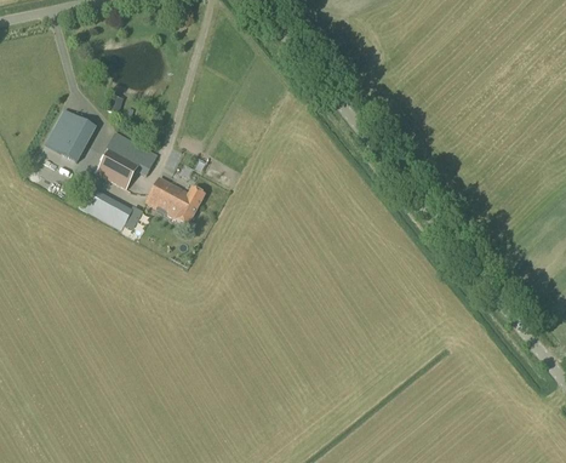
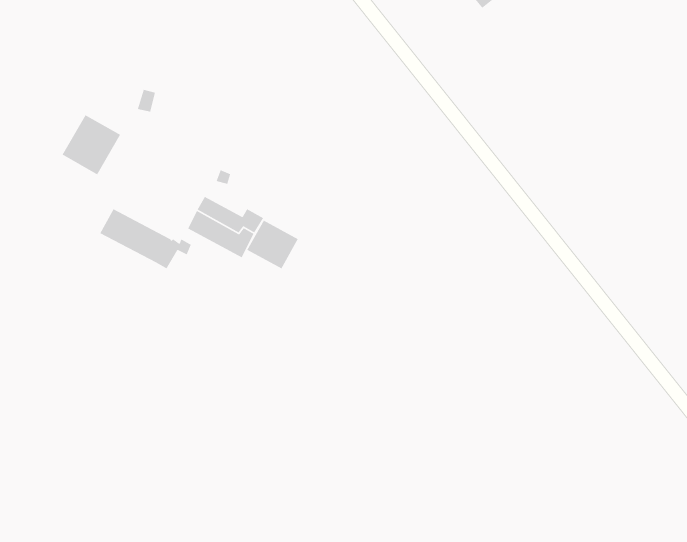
building: [96,131,156,188] -> none
building: none -> [246,220,299,270]

